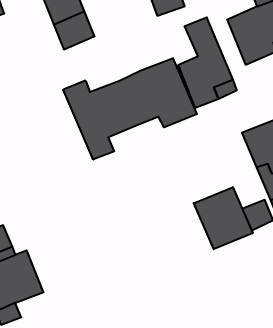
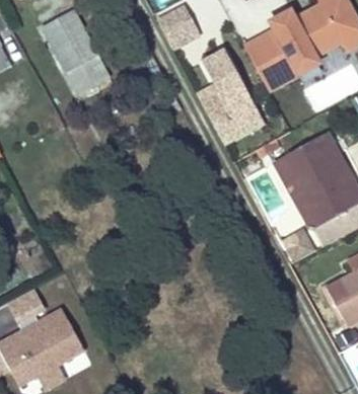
building: [63,58,197,160] -> none
building: [194,187,253,249] -> none

